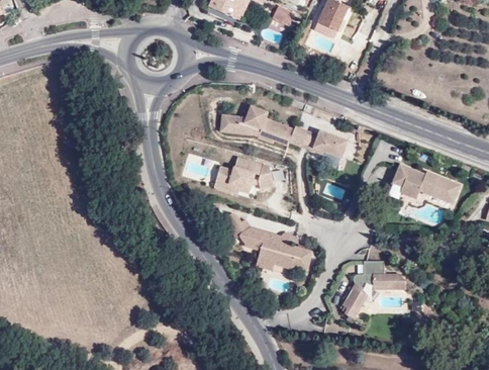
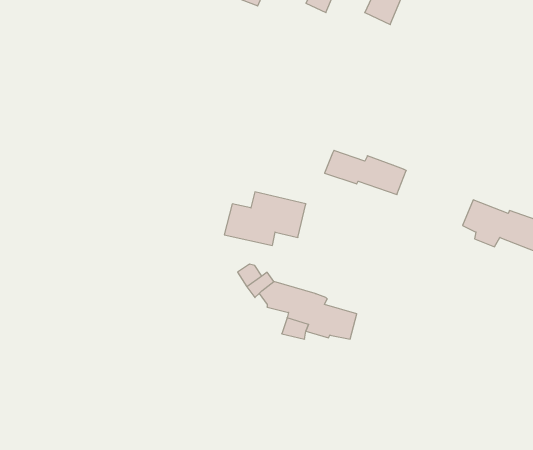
building: [220,106,294,147] -> none
building: [341,262,406,325] -> none

